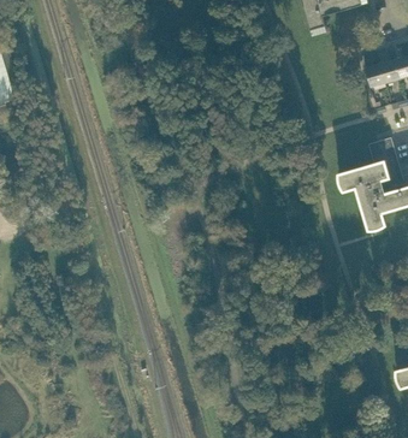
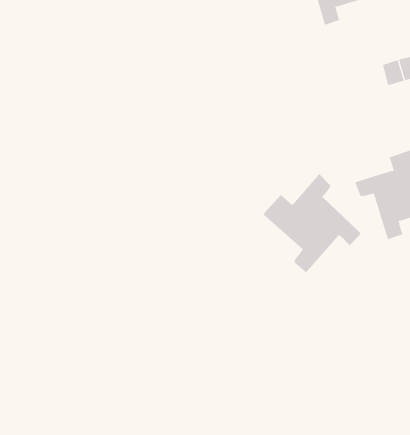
building: none -> [263,173,362,273]

